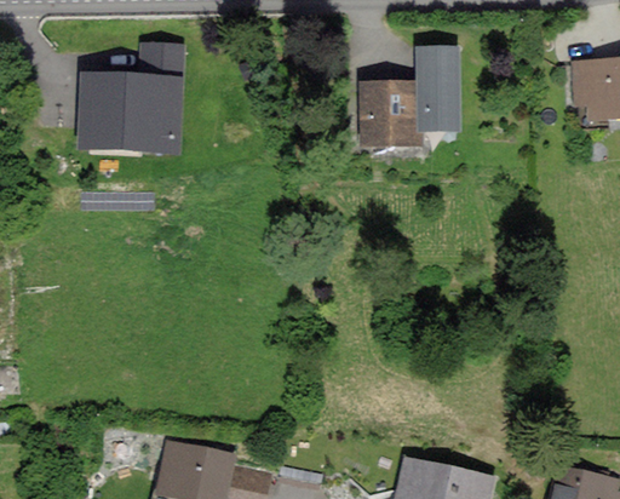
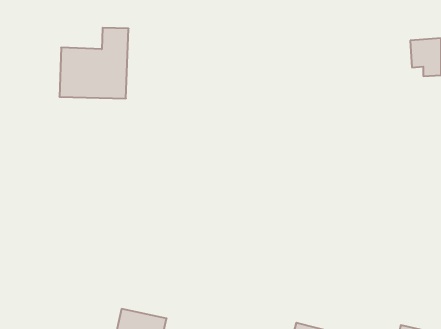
building: [421,48,458,126] -> none
building: [363,84,415,142] -> none

